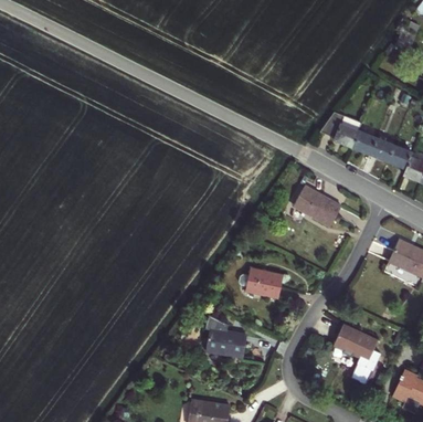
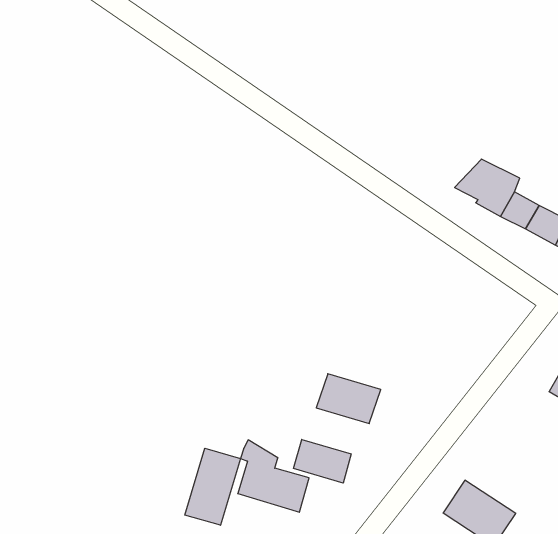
building: [294,186,342,225] -> none
building: none -> [294,439,351,483]
building: none -> [185,448,241,525]

